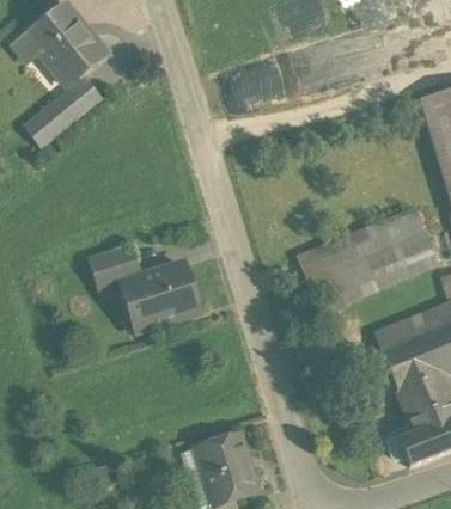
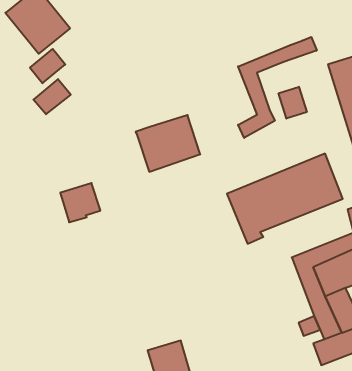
building: none -> [238,37,317,138]
building: [25,100,71,143] -> [33,79,71,114]
building: none -> [279,87,307,119]
building: [123,260,202,330] -> [136,115,200,172]

